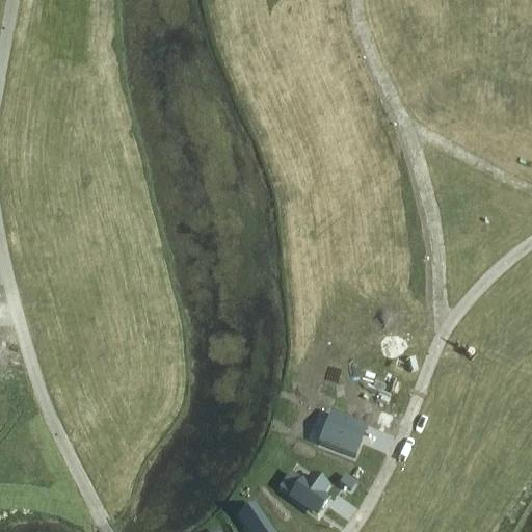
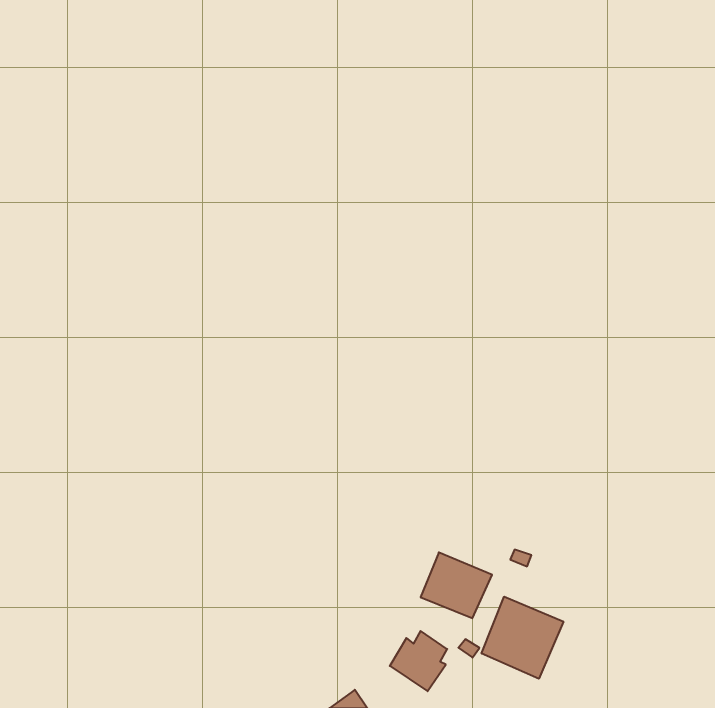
building: none -> [482,597,563,679]

